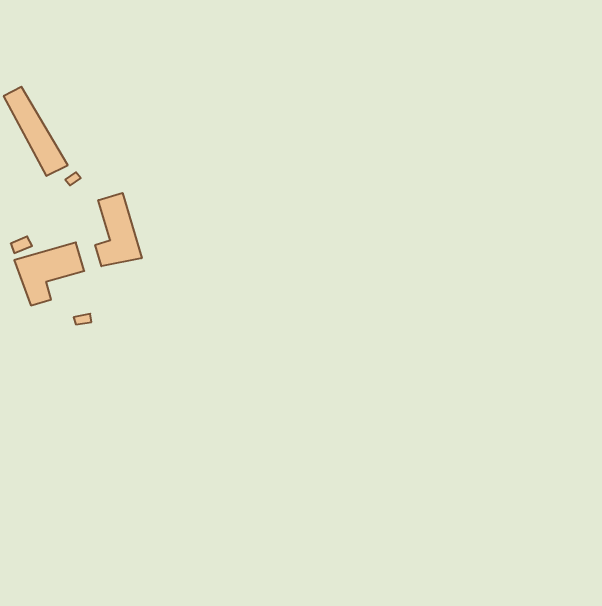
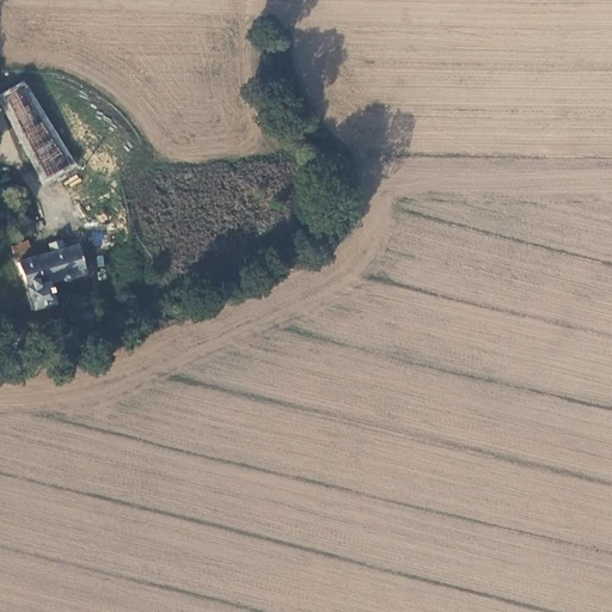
building: [95,193,142,266] -> none

